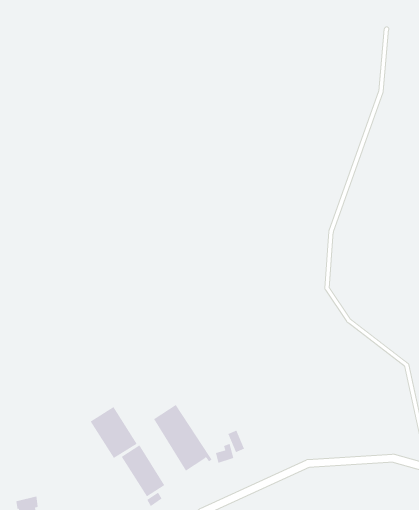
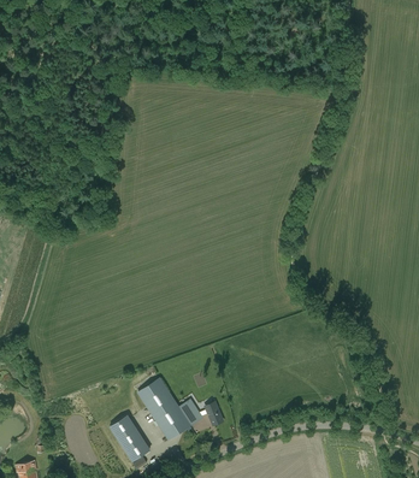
building: [90,406,137,459] -> none

